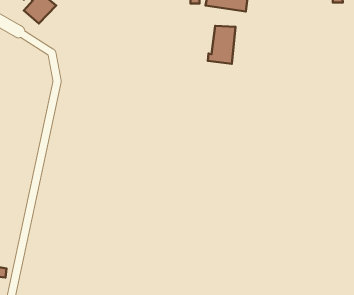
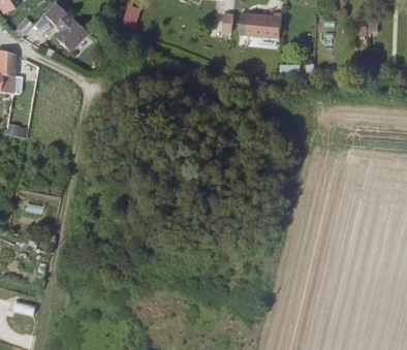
building: [208,26,235,64] -> none

